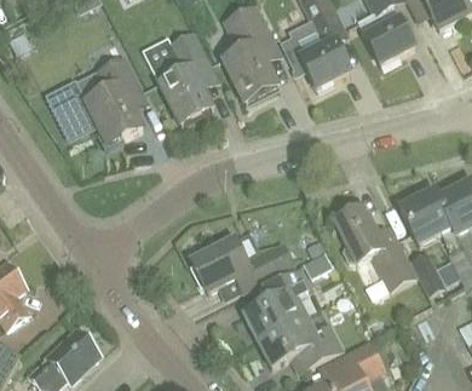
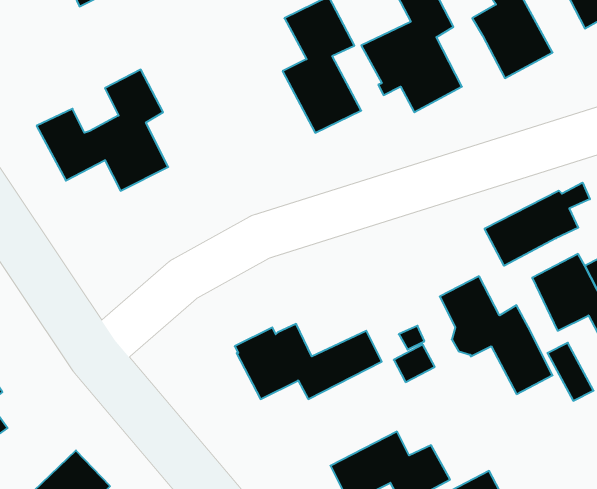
building: [149,33,214,126] -> none
building: none -> [485,183,590,266]
building: [244,270,312,340] -> none

